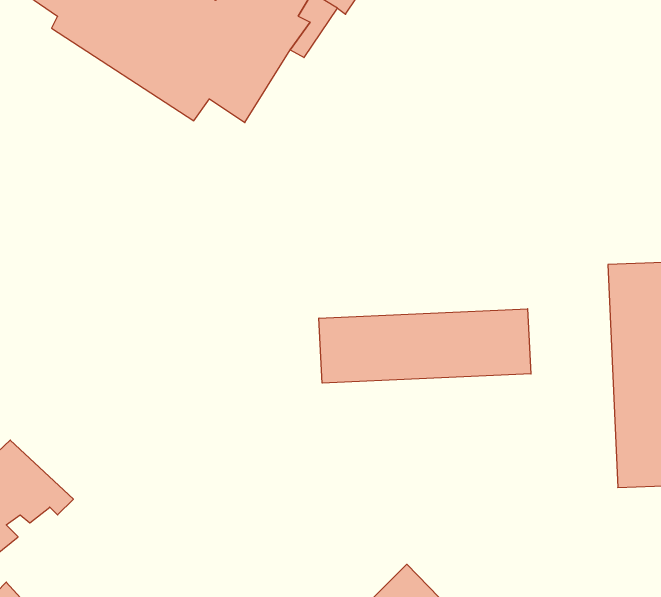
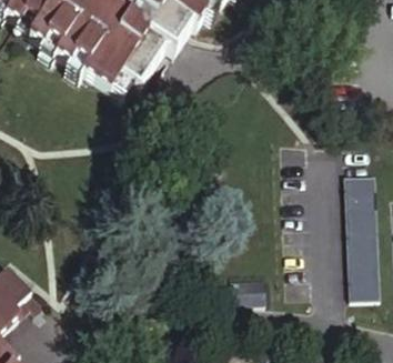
building: [319,309,531,383] -> none

